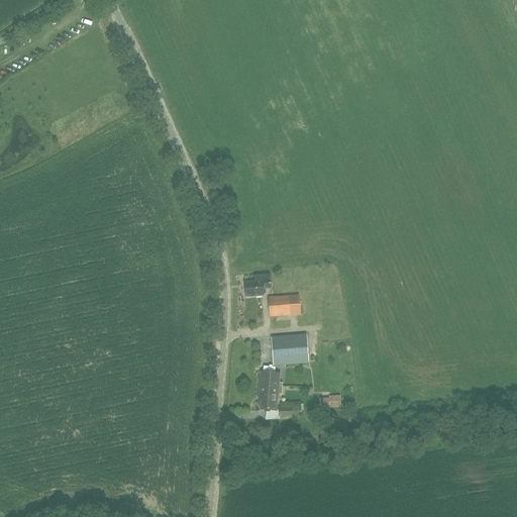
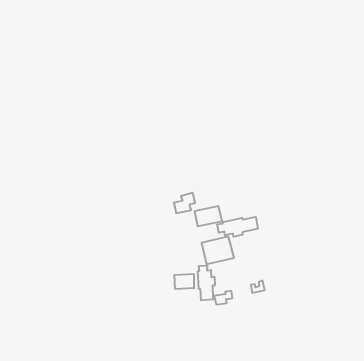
building: none -> [217,217,258,237]
building: none -> [174,274,194,289]

